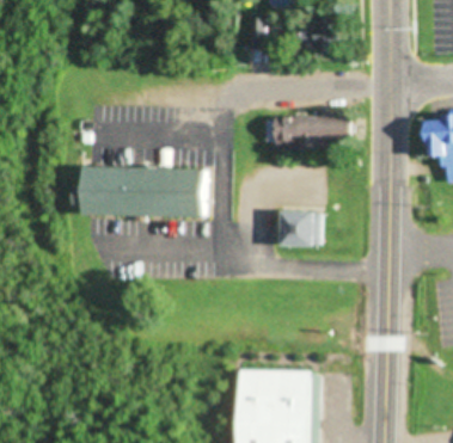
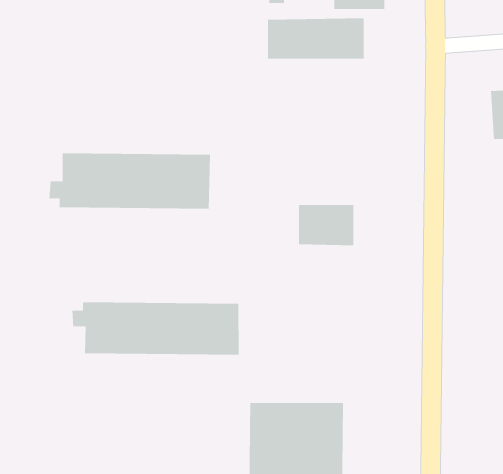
building: [281,117,360,150] -> [267,18,365,59]
building: none -> [72,301,239,355]

